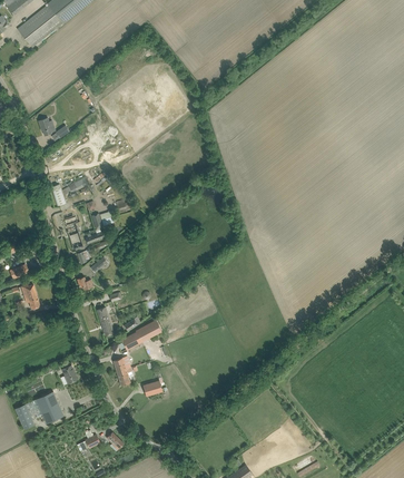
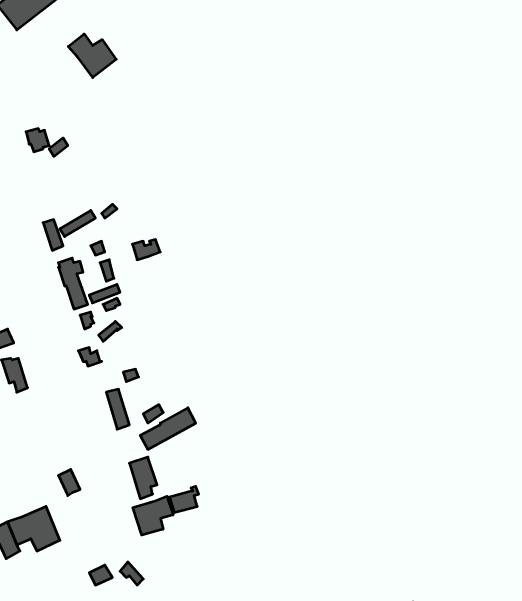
building: none -> [68,34,116,78]
building: none -> [133,496,173,535]

